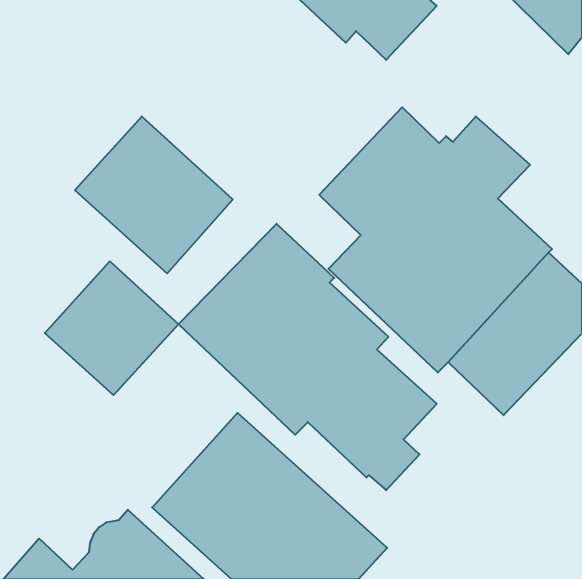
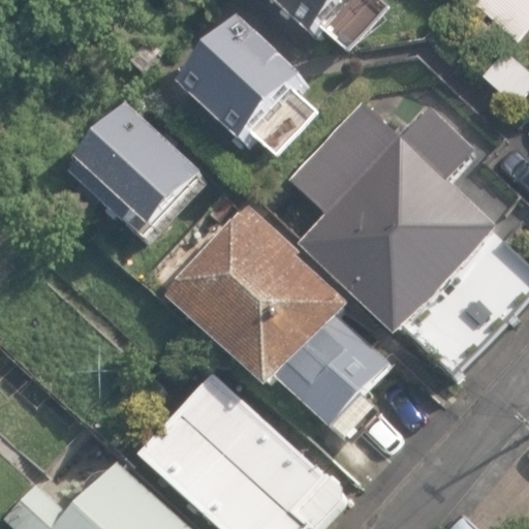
building: none -> [177,19,319,159]
building: [45,261,179,395] -> none

